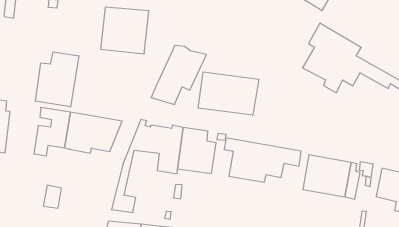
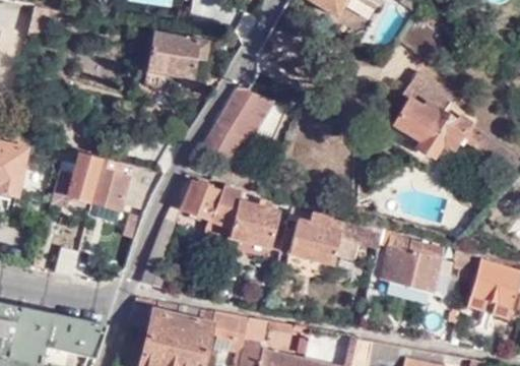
building: [35,52,79,107] -> none
building: [198,72,259,115] -> none

